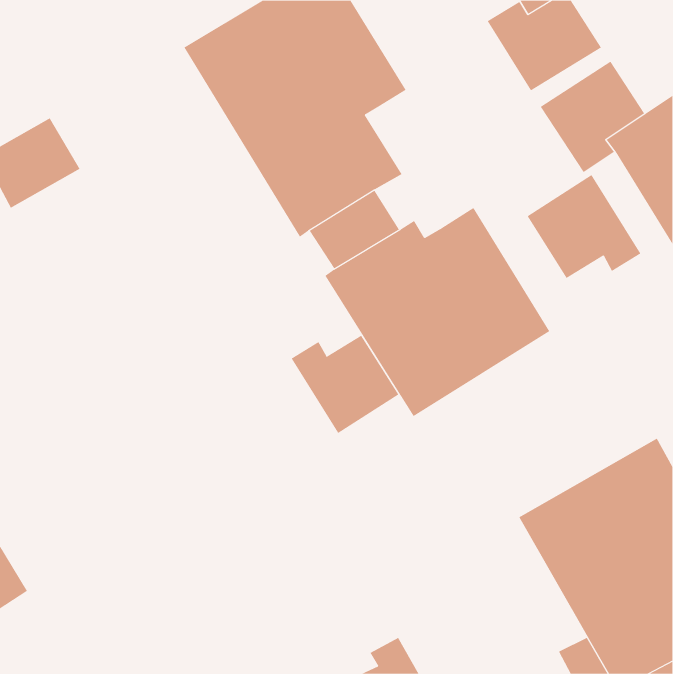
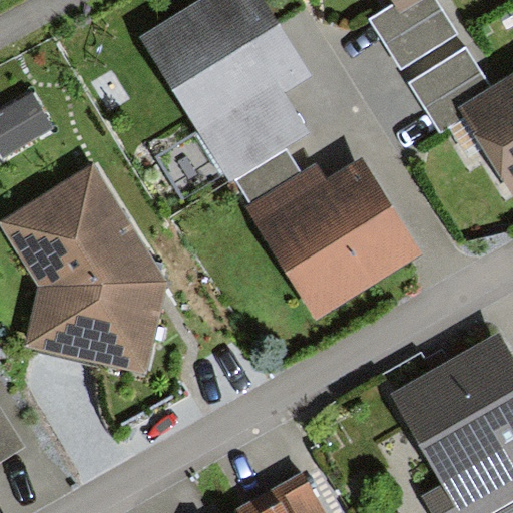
building: [527,174,641,279] -> none
building: none -> [11,176,157,358]
building: [291,335,399,434] -> none

